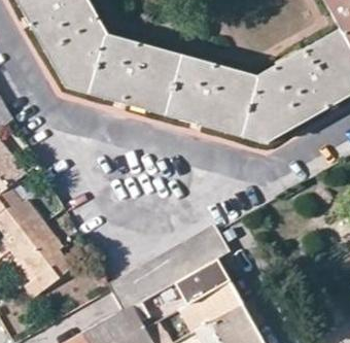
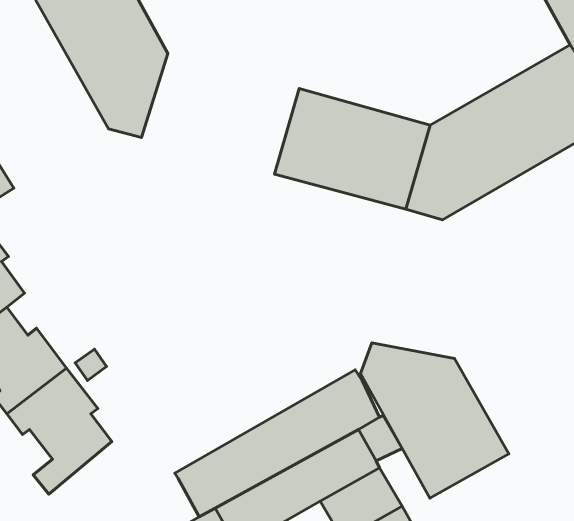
building: [89,38,181,109] -> none
building: none -> [361,343,509,498]

